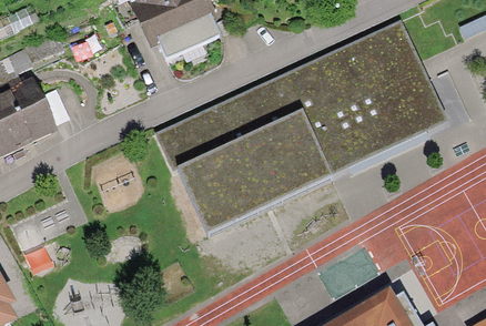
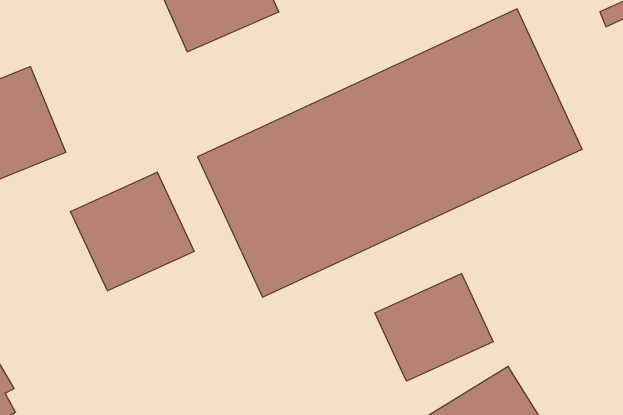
building: none -> [71,172,194,291]
building: none -> [375,274,493,381]

